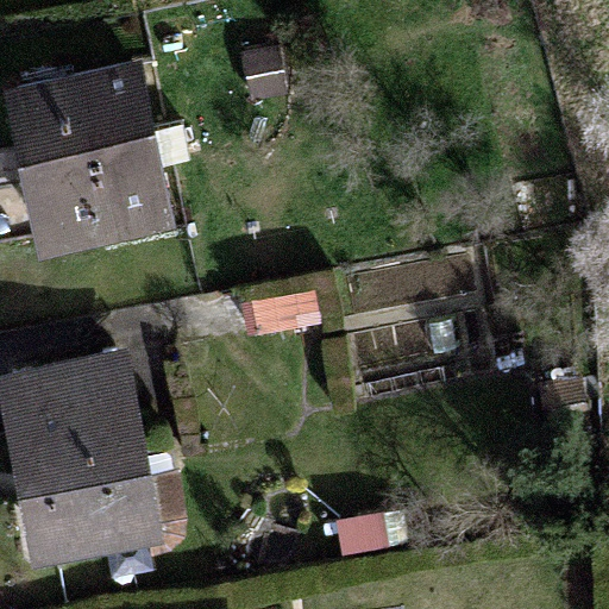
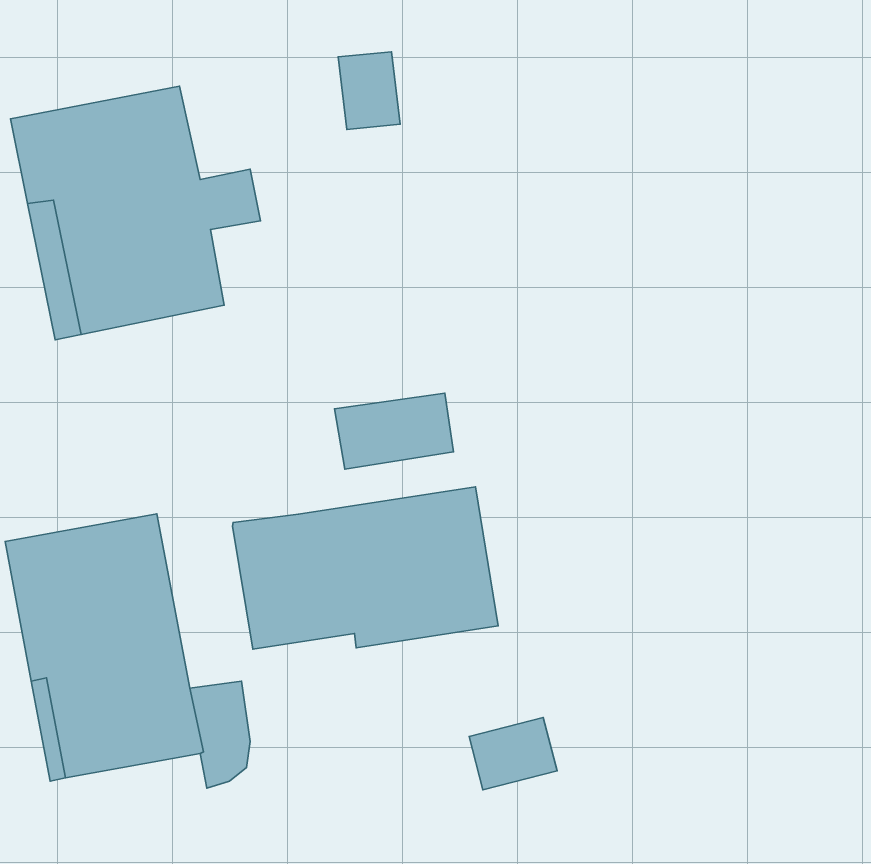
building: none -> [233,487,498,649]

